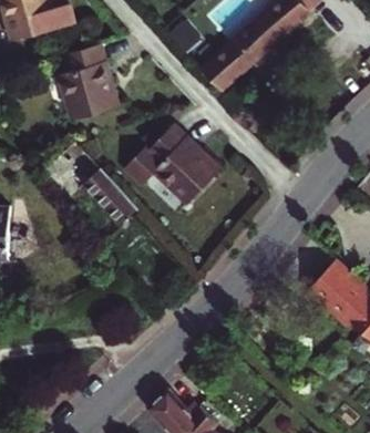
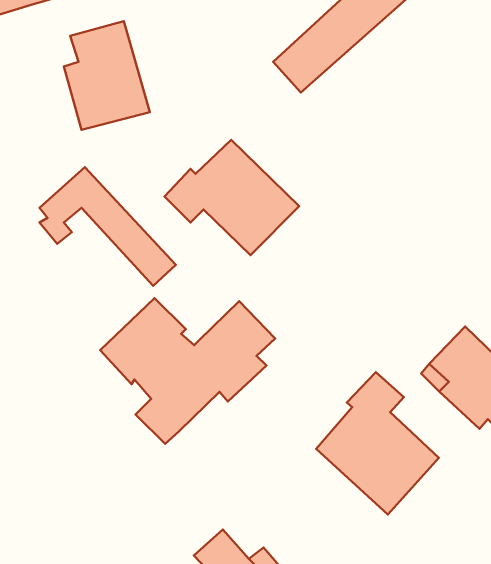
building: none -> [100,298,275,444]
building: none -> [316,372,439,515]

